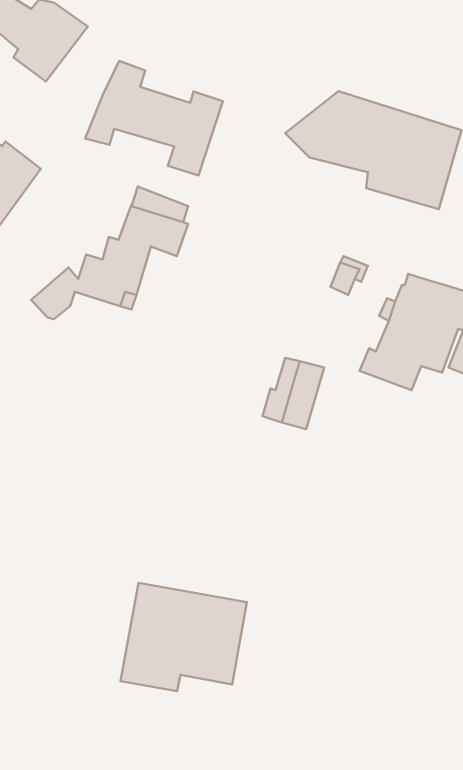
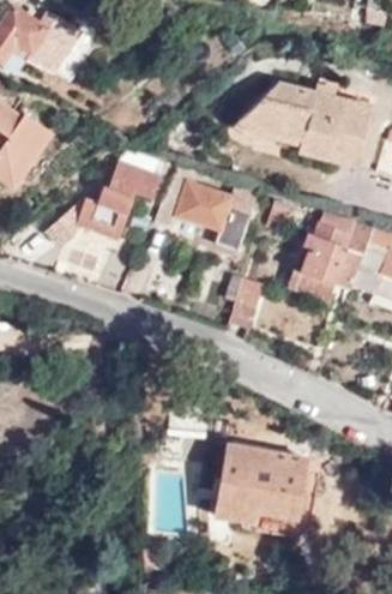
building: [85,61,223,176] -> [155,167,257,252]
building: [121,583,247,691] -> [215,444,308,524]

